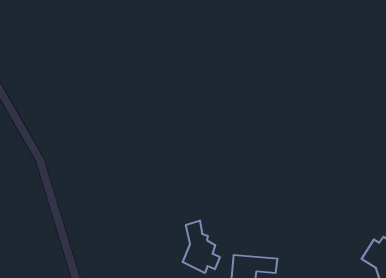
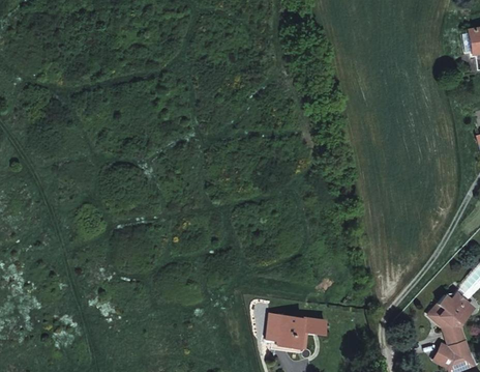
building: [183,220,220,273] -> none

